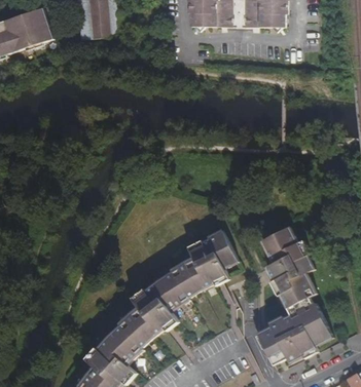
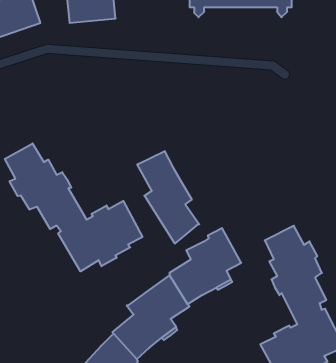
building: none -> [5,143,142,271]
building: none -> [137,151,199,244]

